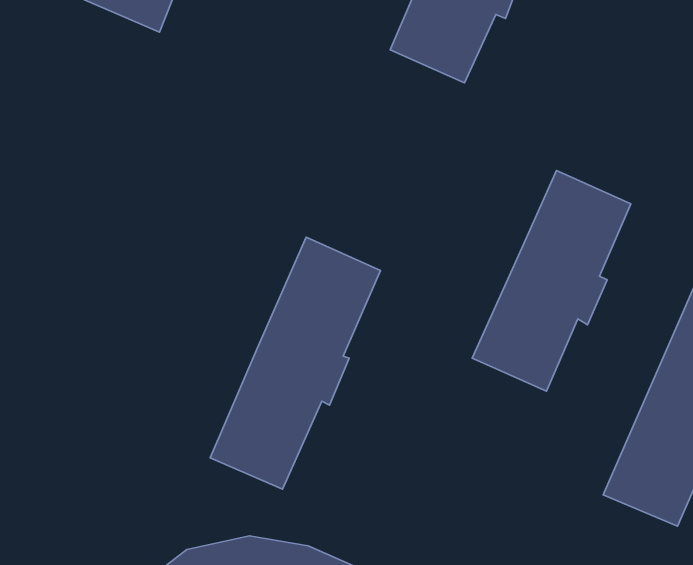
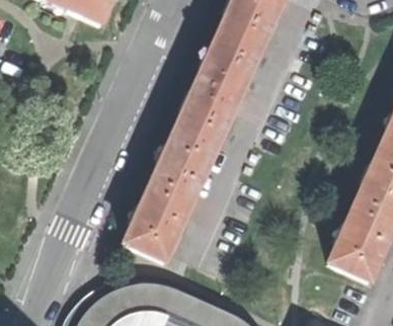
building: [472,171,631,391] -> [176,30,258,145]

